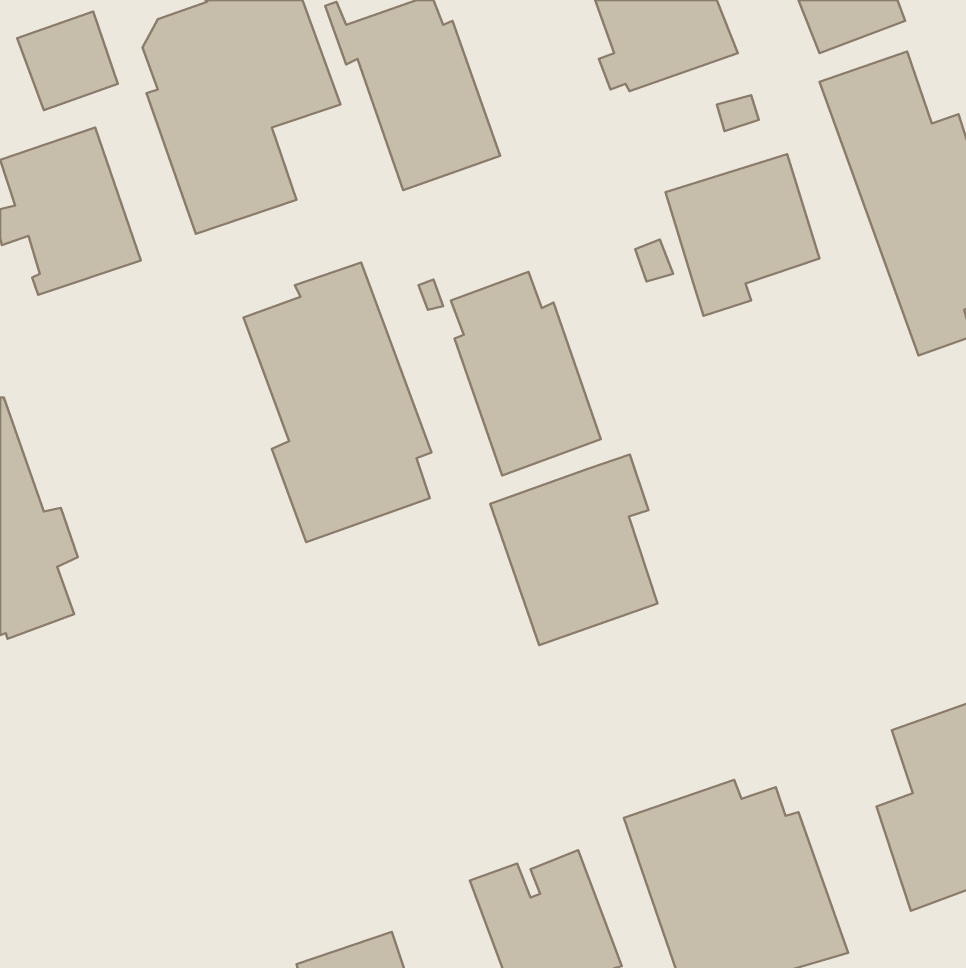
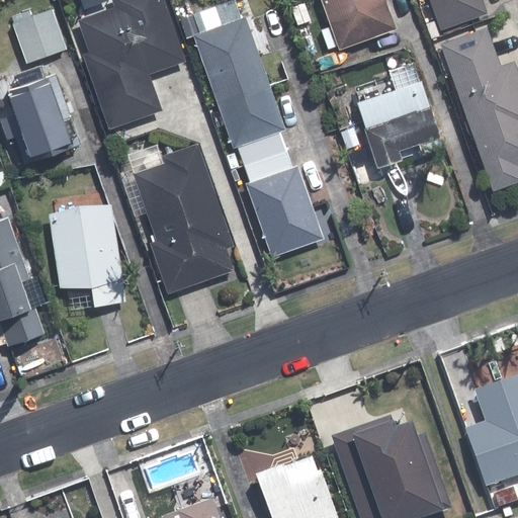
building: none -> [218,85,284,162]
building: none -> [48,202,123,305]
building: [490,455,657,645] -> none

